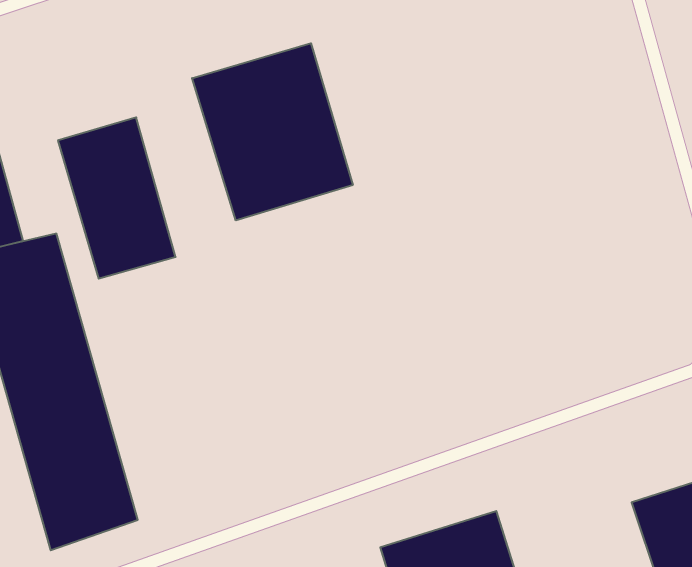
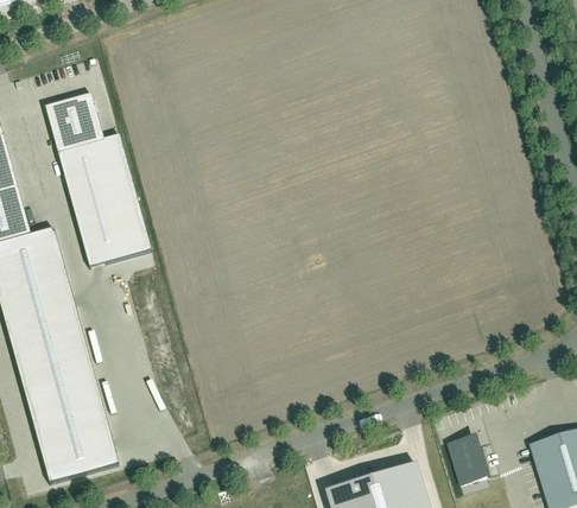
building: [192,43,353,220] -> none
building: none -> [44,95,100,152]
building: none -> [445,436,487,488]

